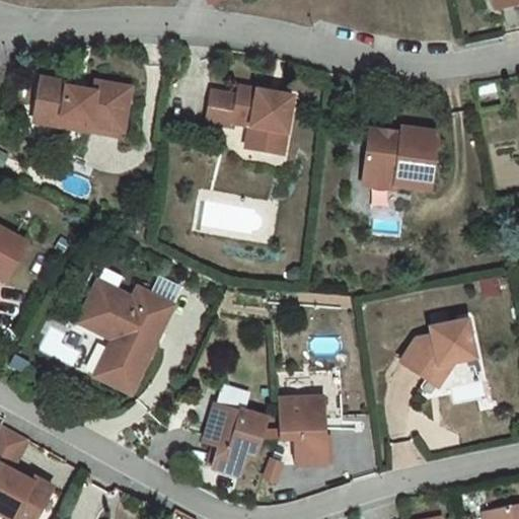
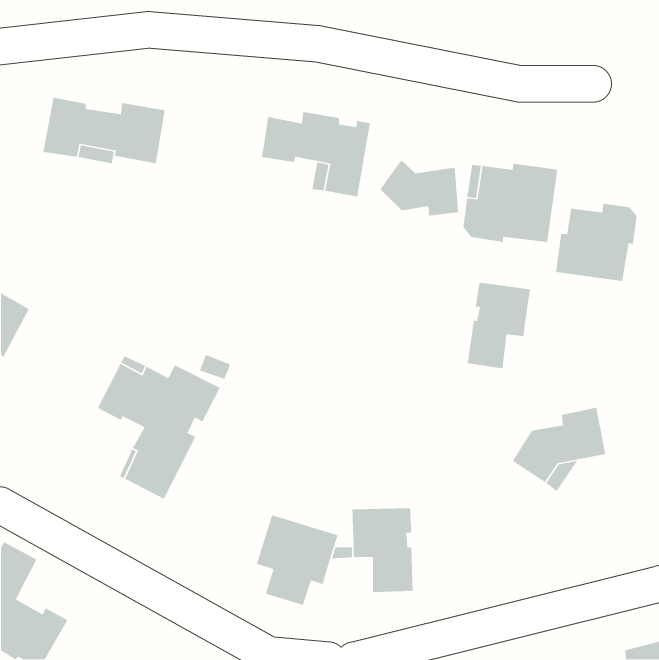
building: none -> [380,159,459,216]
building: none -> [555,203,637,282]
building: none -> [467,282,531,369]

